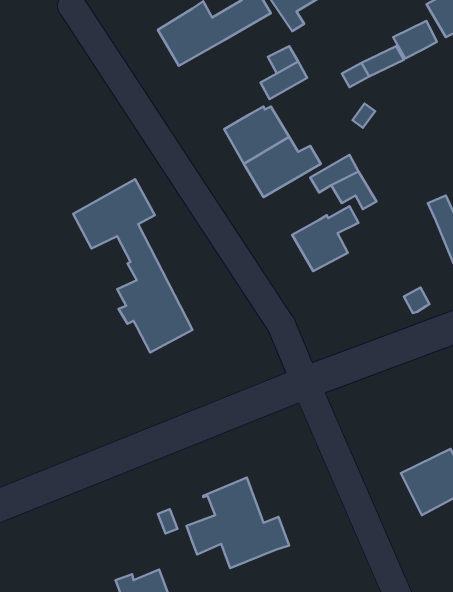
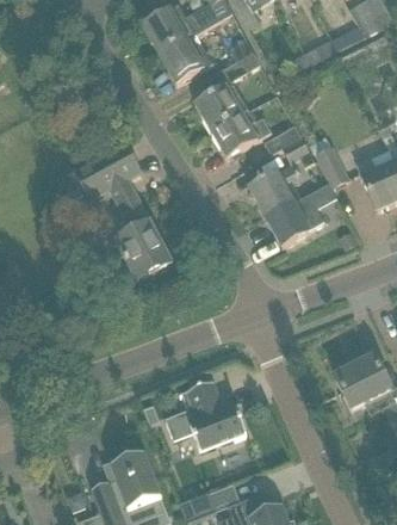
building: none -> [160,33,213,84]
building: none -> [315,144,349,186]
building: none -> [266,194,324,246]

